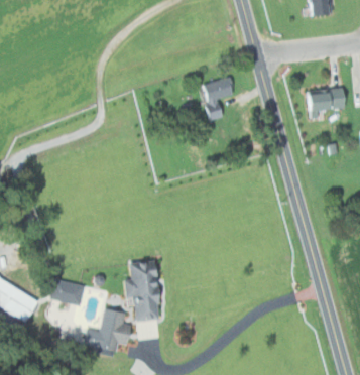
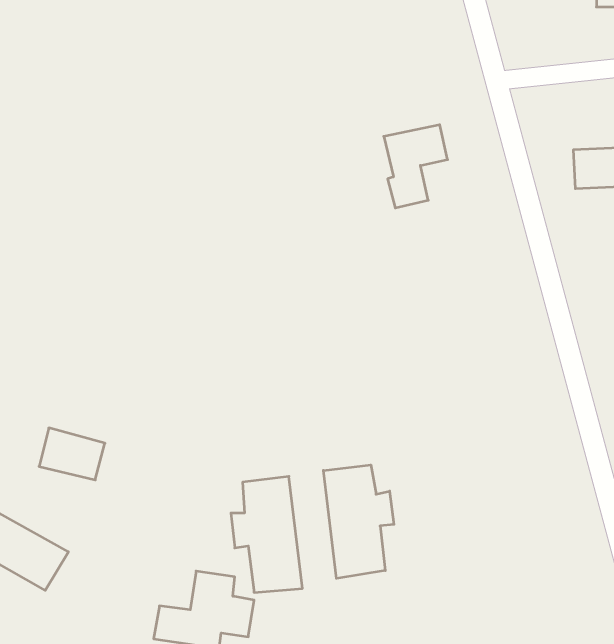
building: none -> [323,465,394,578]
building: [50,278,85,305] -> [39,428,105,480]

